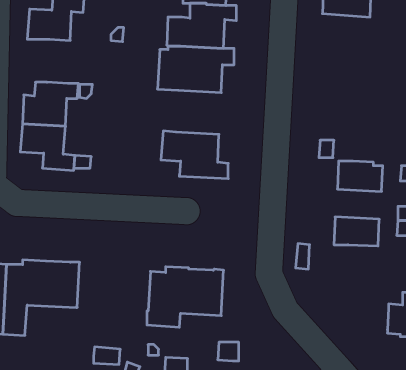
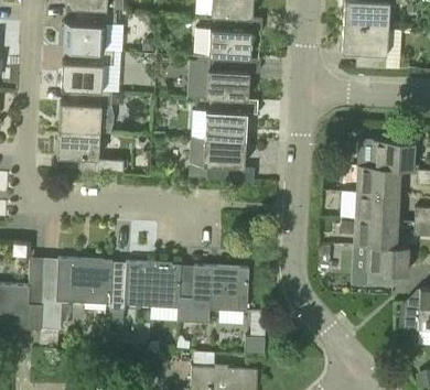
building: none -> [342,25,388,68]
building: none -> [61,50,114,91]
building: none -> [204,98,258,140]
building: none -> [372,140,413,171]
building: none -> [355,192,399,220]
building: none -> [365,245,408,288]
building: none -> [109,262,180,311]

